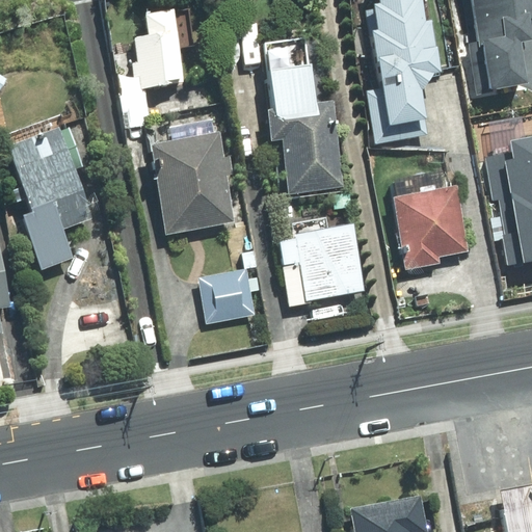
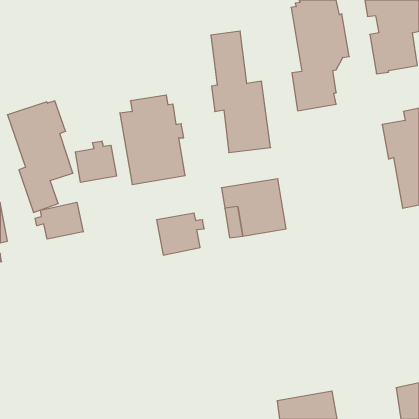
building: [118,10,193,127] -> none
building: [390,170,468,270] -> none
building: none -> [76,141,117,182]
building: none -> [35,202,83,239]

